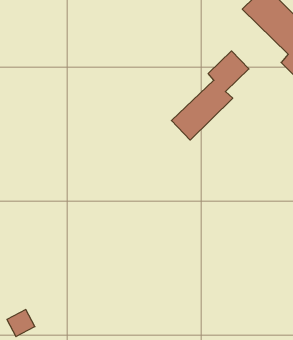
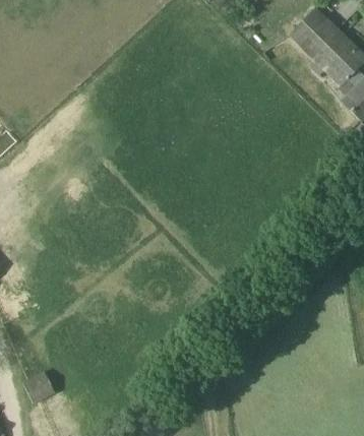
building: [171,51,249,140] -> none

